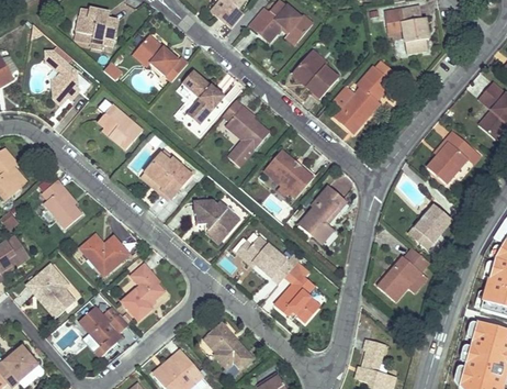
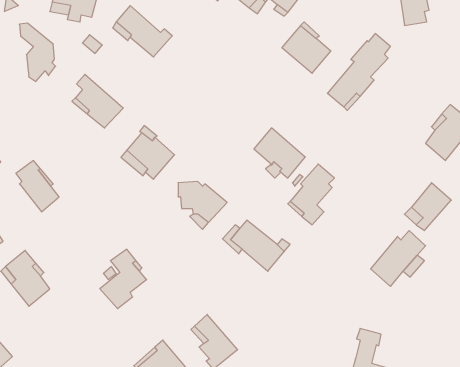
building: [182,69,224,124] -> none
building: [218,99,269,166] -> none
building: [80,235,128,277] -> none
building: [277,276,318,321] -> none
building: [79,307,128,358] -> none

